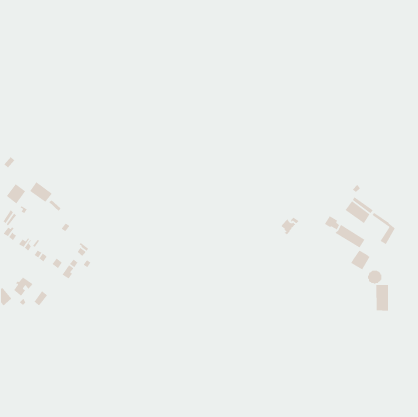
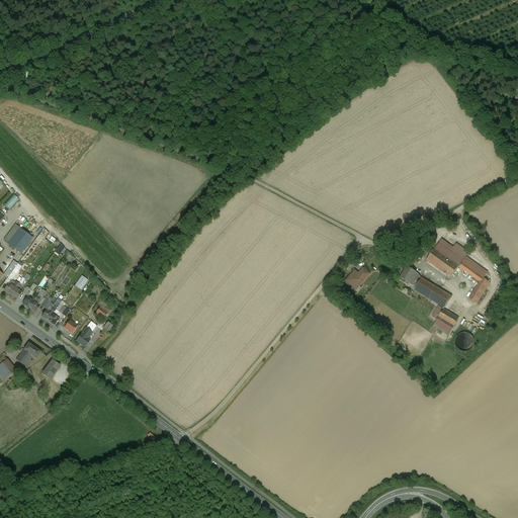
building: [29,181,53,203] -> none
building: [375,284,389,311] -> none

